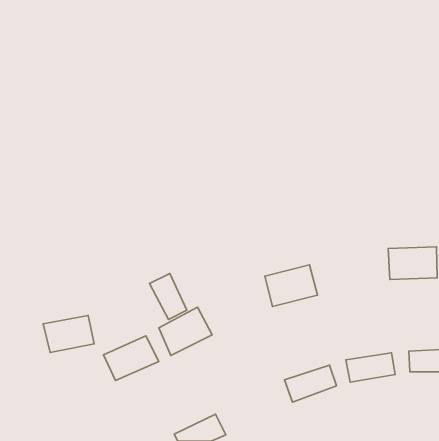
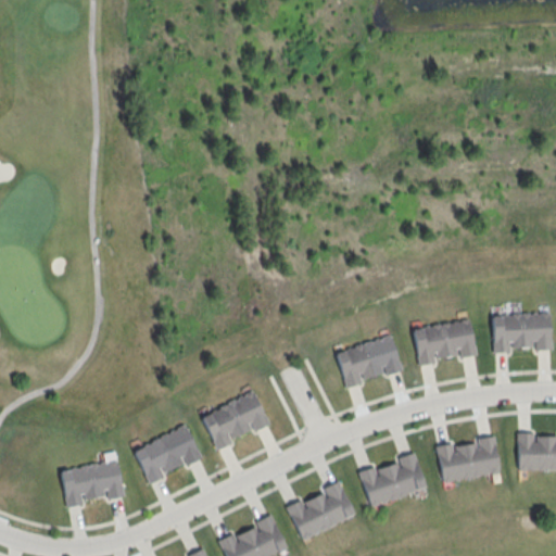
building: none -> [412,317,478,365]
building: [150,273,187,320] -> none
building: [43,315,94,352] -> [60,458,124,505]
building: none -> [290,488,354,538]

